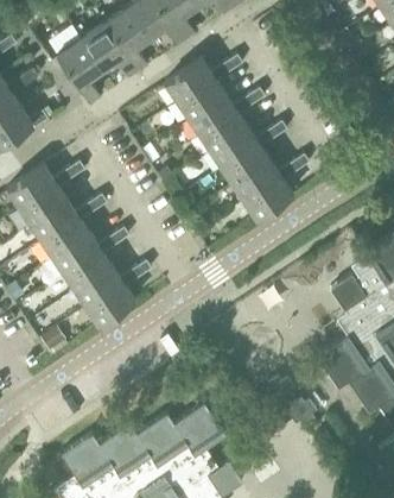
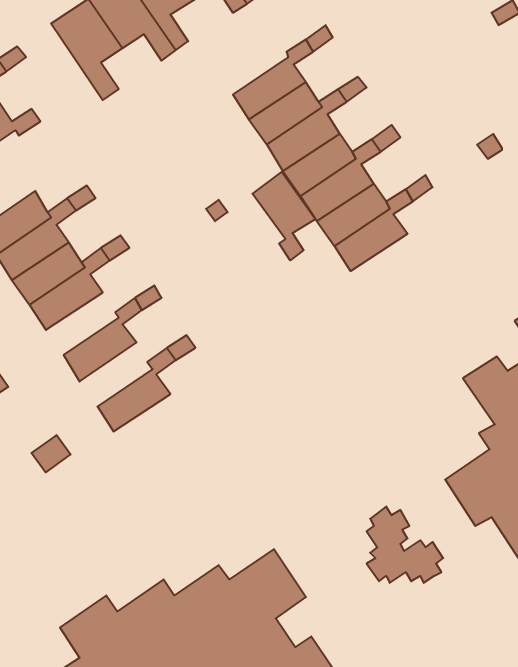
building: [165,59,212,101] -> none
building: none -> [252,172,315,260]
building: [51,233,100,275] -> none
building: [74,266,122,309] -> none

